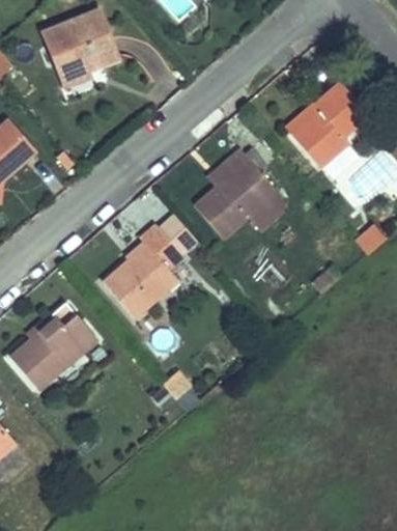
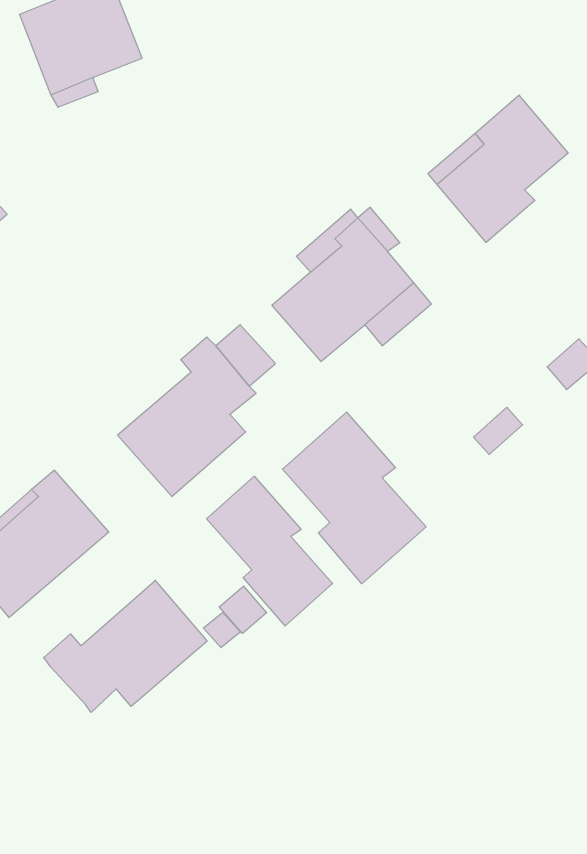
building: none -> [282,412,426,584]
building: none -> [207,476,333,626]
building: none -> [44,580,207,712]

